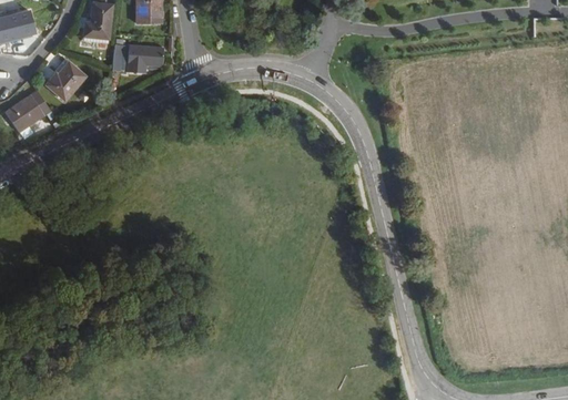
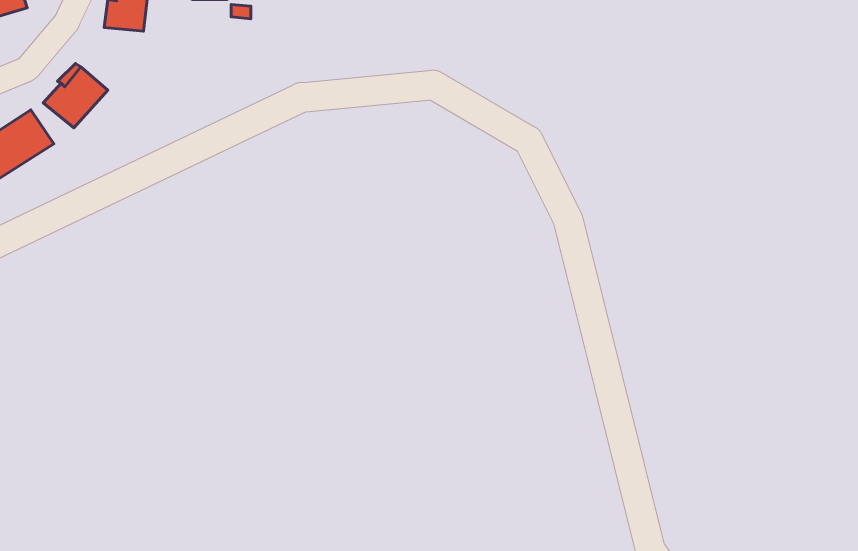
building: [113,42,164,71] -> none

